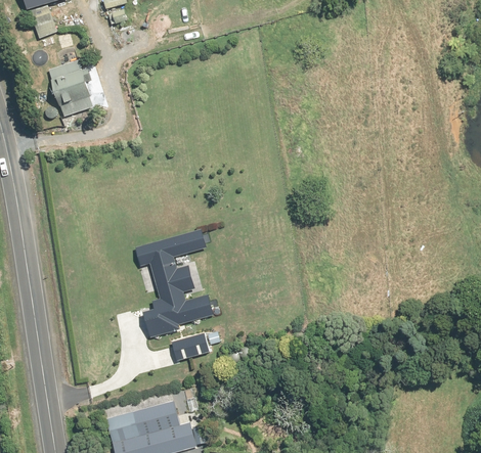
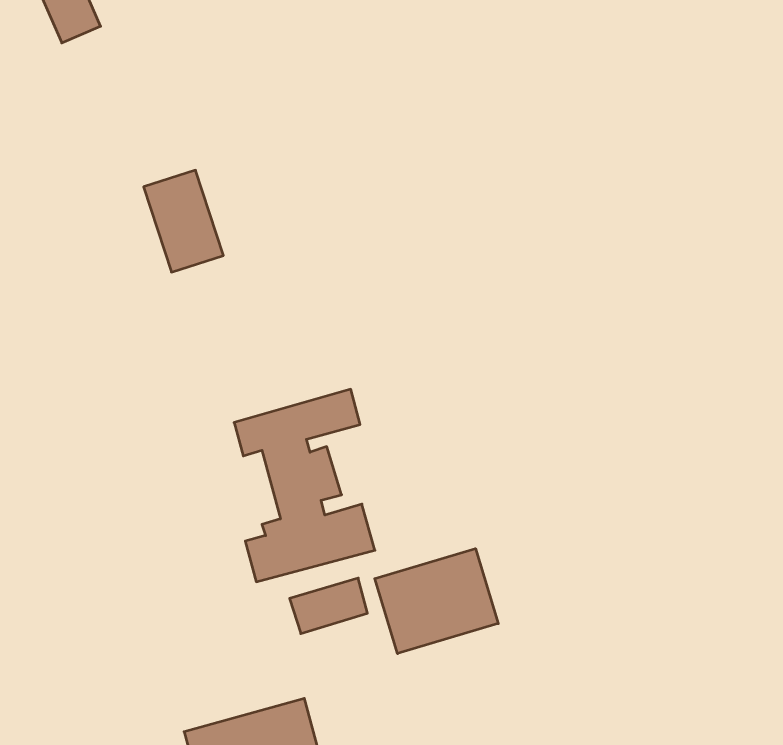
building: [49,59,93,116] -> [144,170,223,272]
building: none -> [375,549,498,654]

